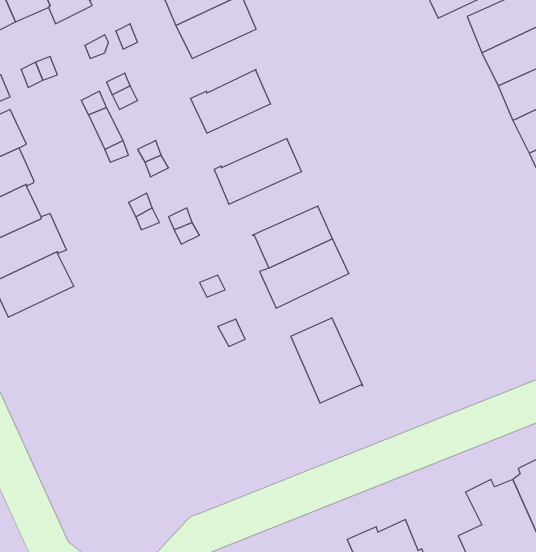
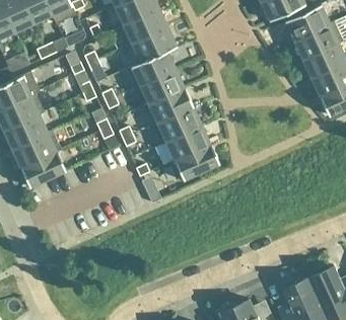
building: none -> [132,27,177,63]
building: none -> [140,69,185,104]
building: none -> [152,106,202,144]
building: [291,318,363,403] -> none

